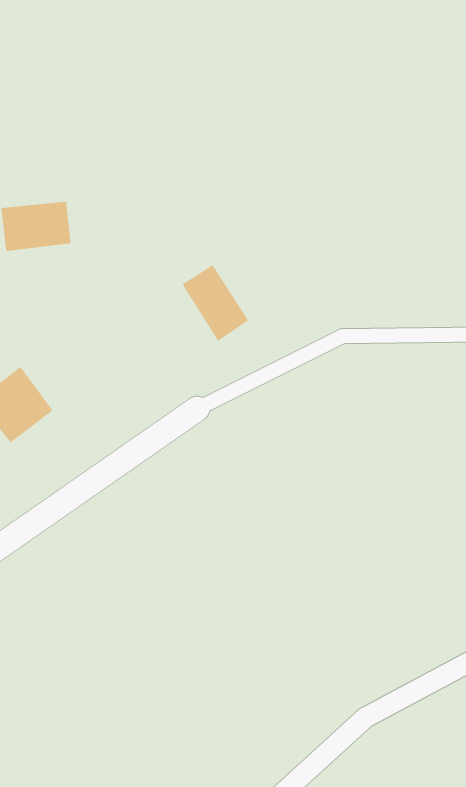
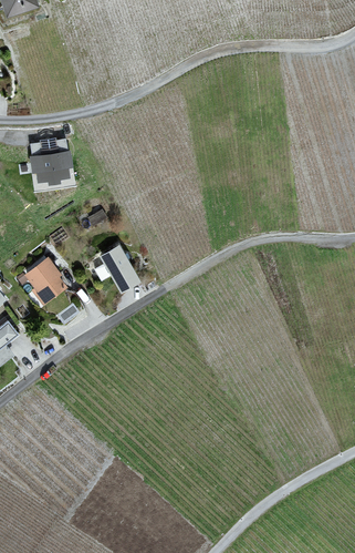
building: [181,264,249,342] -> [97,239,143,291]

